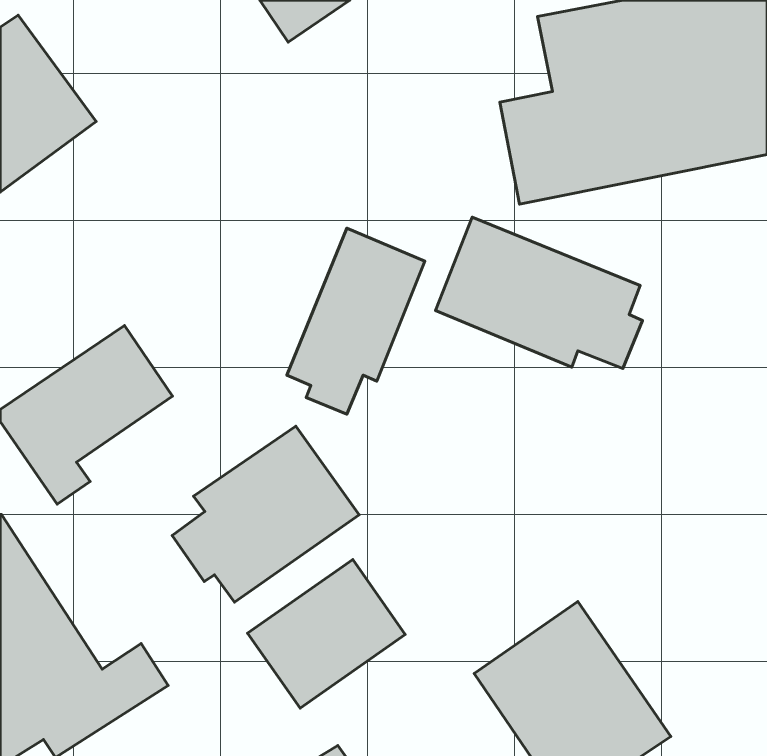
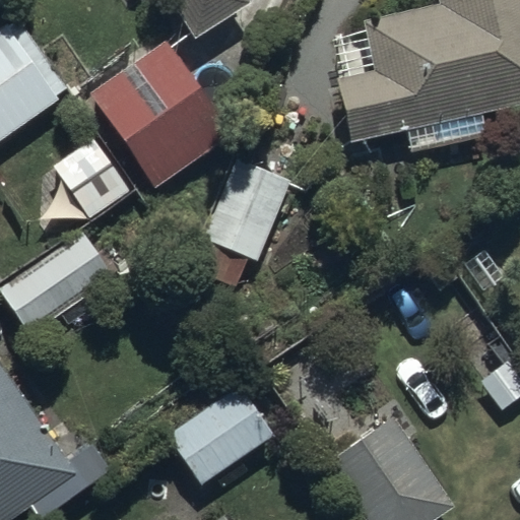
building: none -> [68,40,233,202]
building: [435,217,643,368] -> none
building: [172,426,359,602] -> none

